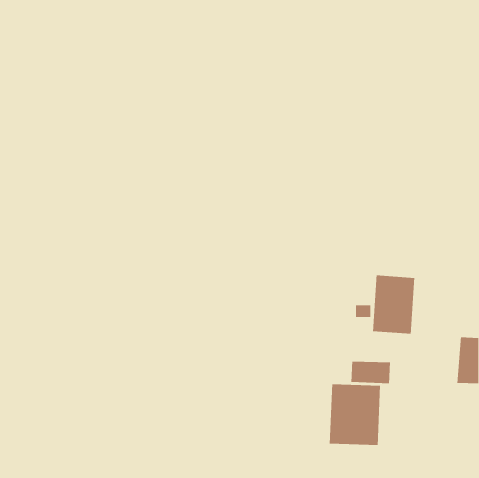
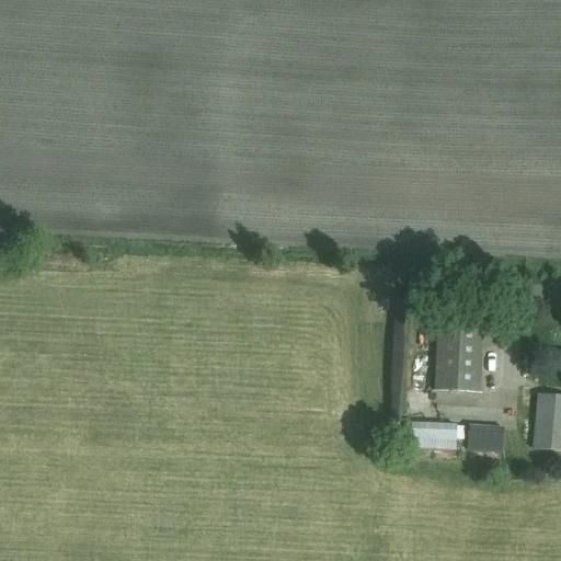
building: none -> [467,423,505,453]
building: [329,383,381,446] -> none

